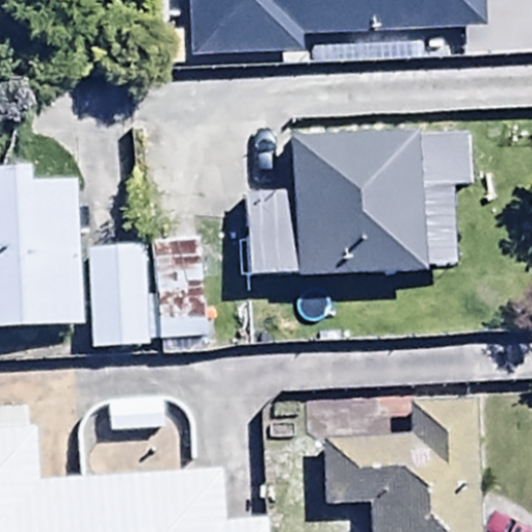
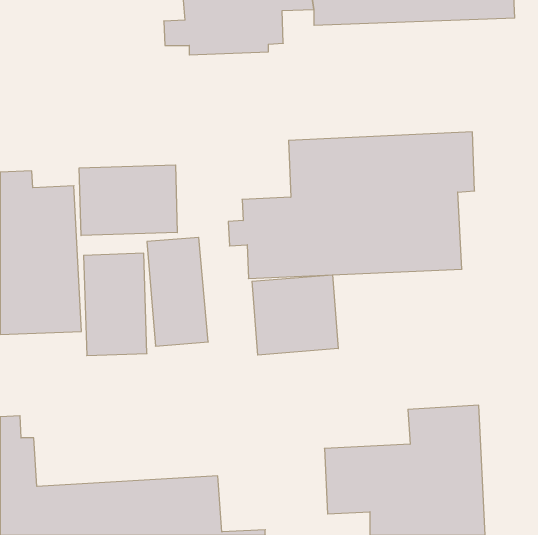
building: none -> [79,165,177,236]
building: none -> [252,275,338,355]

